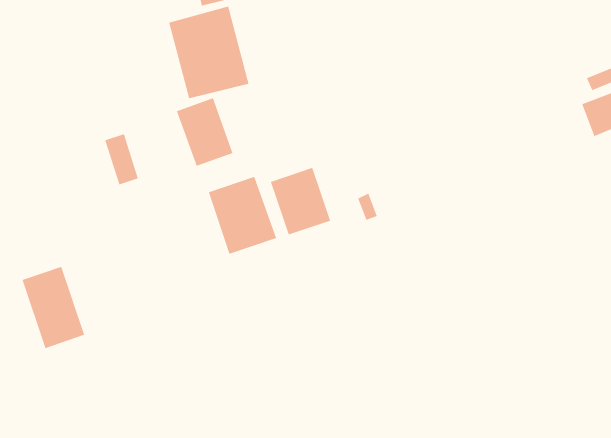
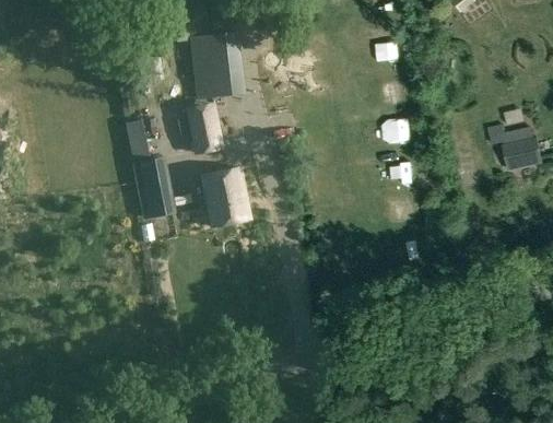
building: [270,167,331,236] -> none
building: [22,266,85,349] -> [132,155,176,219]

